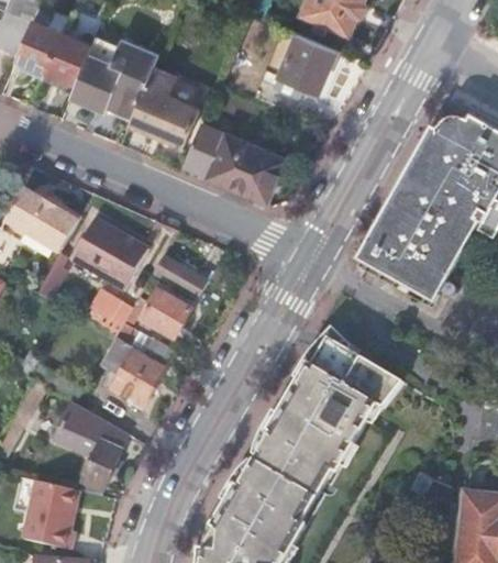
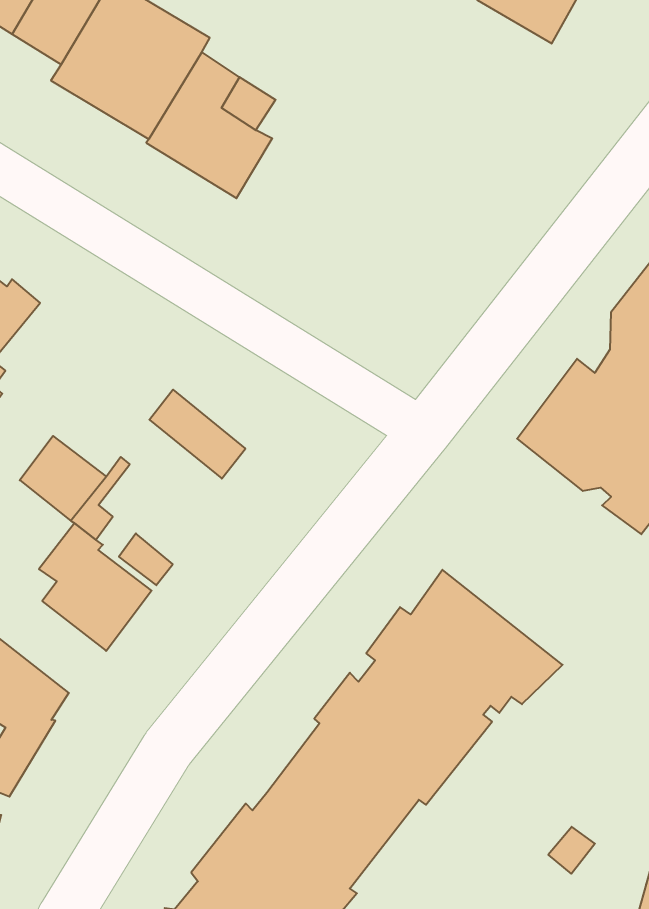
building: [273,32,336,98] -> none
building: [180,122,283,200] -> none
building: [70,219,146,290] -> none
building: [141,291,190,340] -> none

